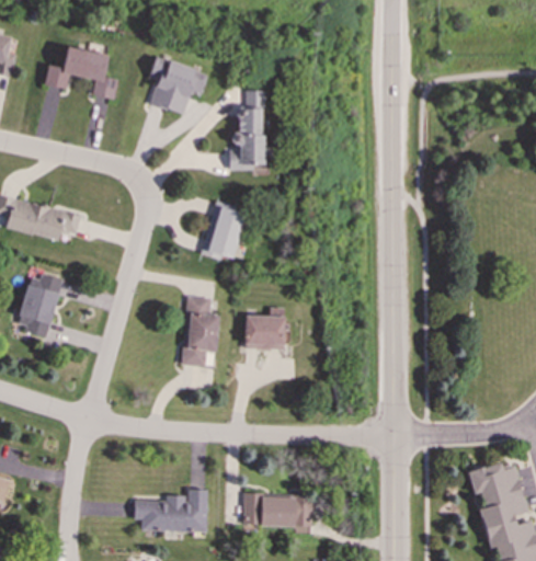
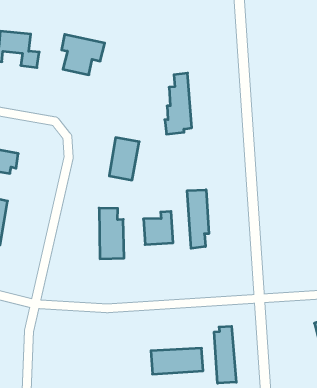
building: [229,90,265,171] -> [165,73,192,134]
building: none -> [187,190,209,248]
building: none -> [214,326,236,383]
building: [135,489,207,531] -> none

